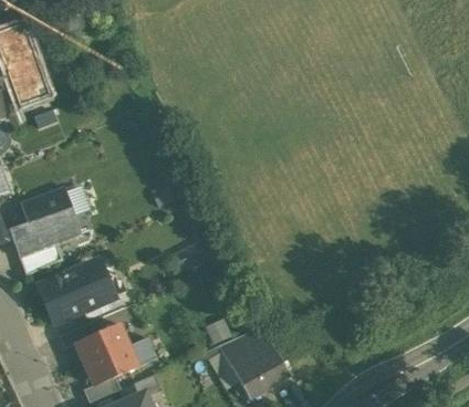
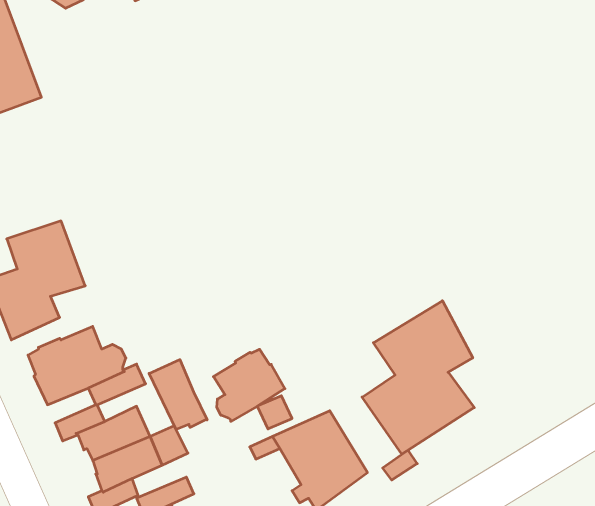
building: none -> [362,301,474,454]
building: none -> [213,349,285,421]
building: none -> [149,360,207,429]

